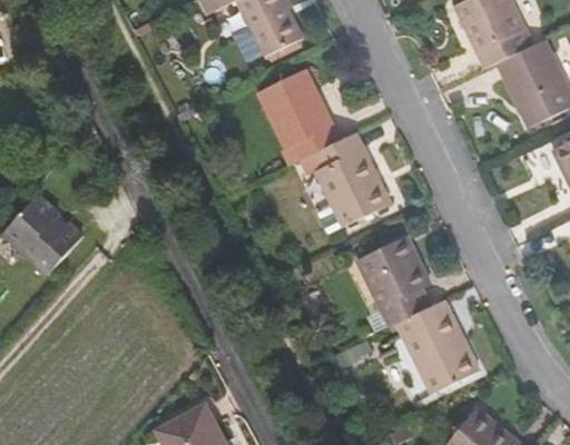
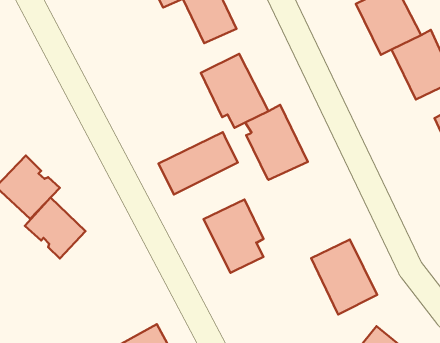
building: none -> [159,132,238,194]
building: [356,236,431,327] -> [204,200,263,273]
building: none -> [25,197,86,258]

